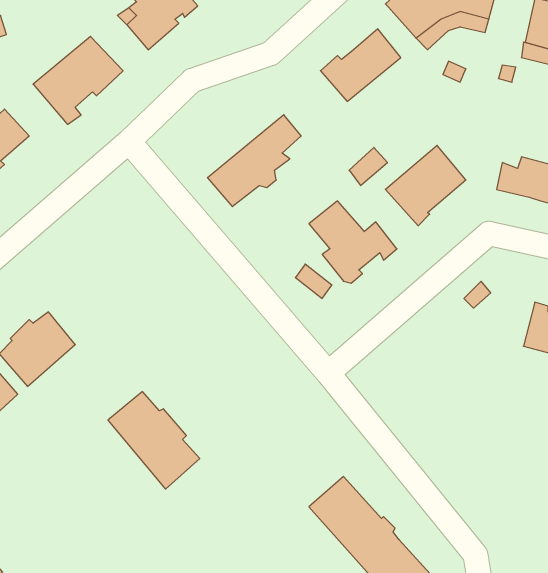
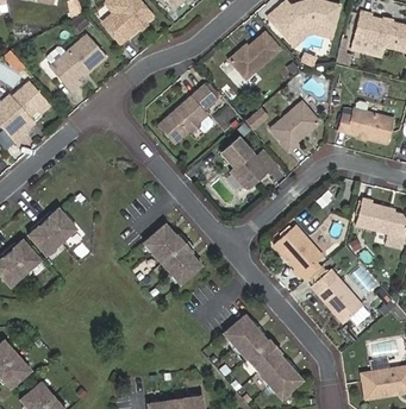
building: none -> [276,222,326,275]
building: [108,392,200,489] -> [145,221,202,282]
building: none -> [316,269,361,315]

